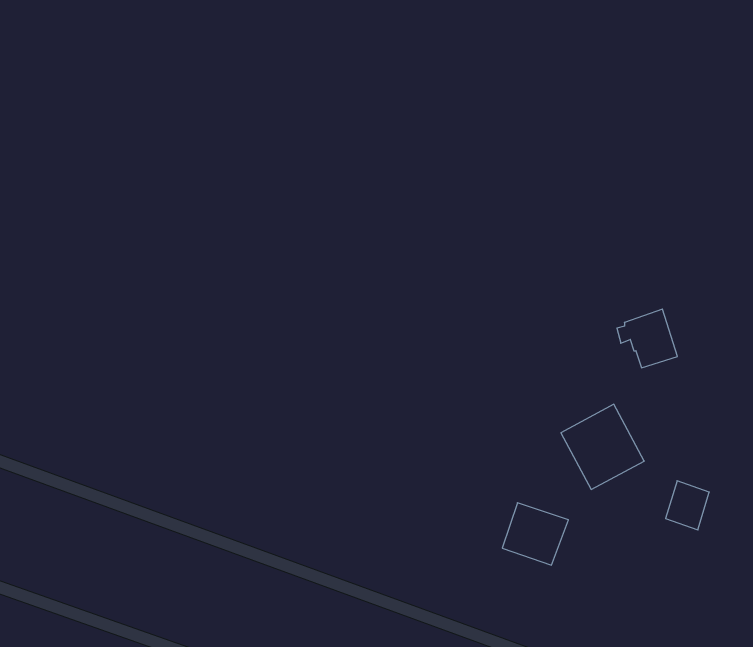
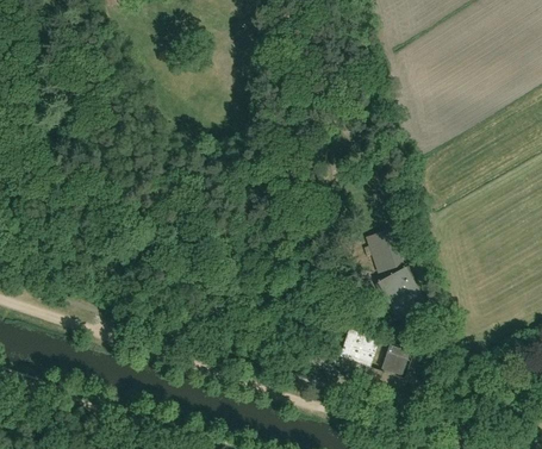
building: [617,309,677,368] -> [363,235,401,272]
building: [666,481,709,530] -> [381,344,409,375]

